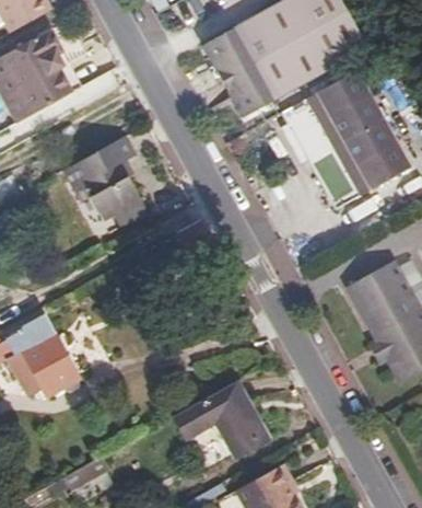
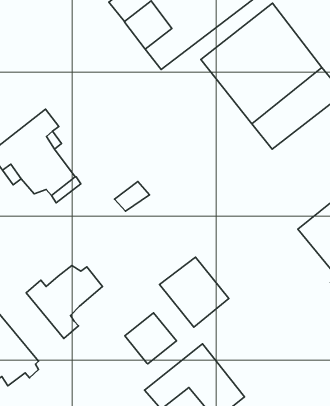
building: none -> [26,266,103,338]
building: none -> [160,257,229,327]
building: none -> [125,313,177,364]

